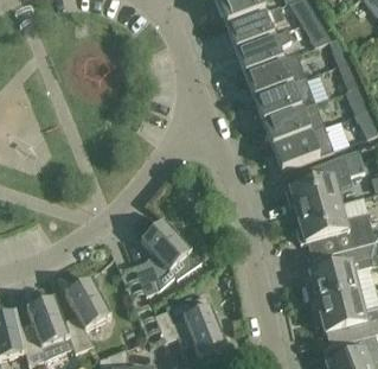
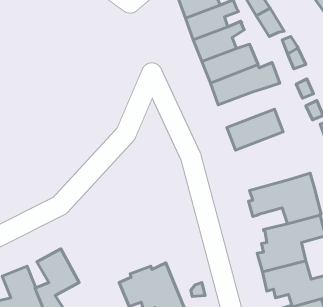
building: [262,102,323,146] -> none
building: [284,152,364,215] -> none
building: [134,220,200,295] -> none

